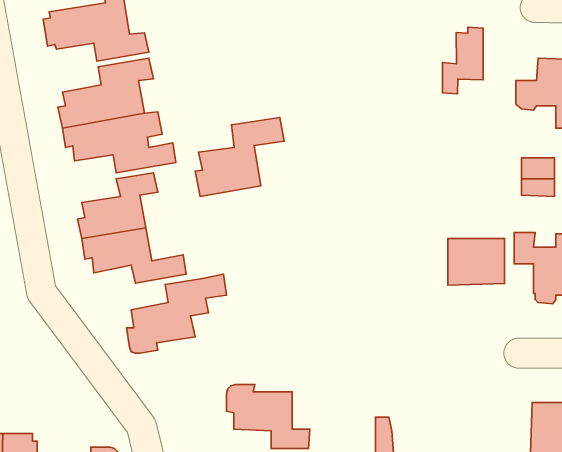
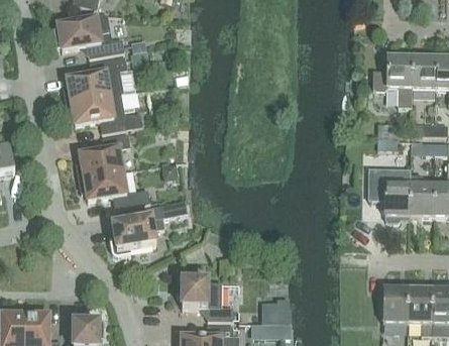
building: [442,27,483,94] -> none
building: [195,117,284,197] -> none
building: [448,238,504,285] -> none

